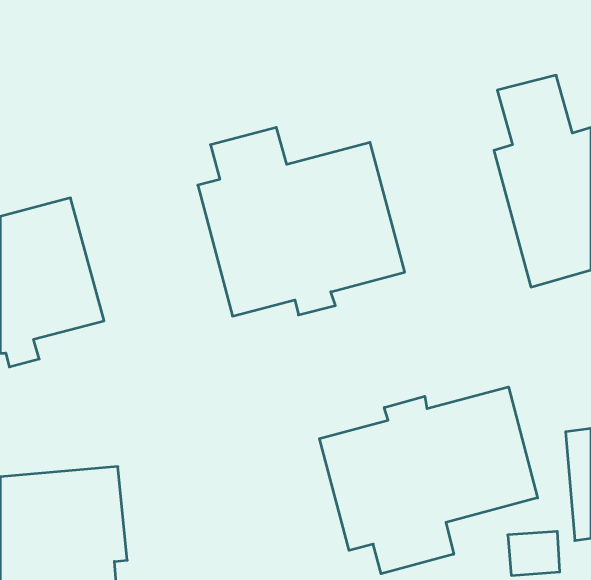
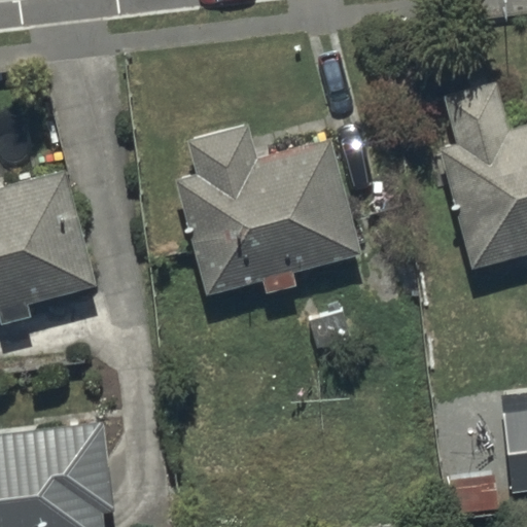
building: [319,387,538,574] -> none

